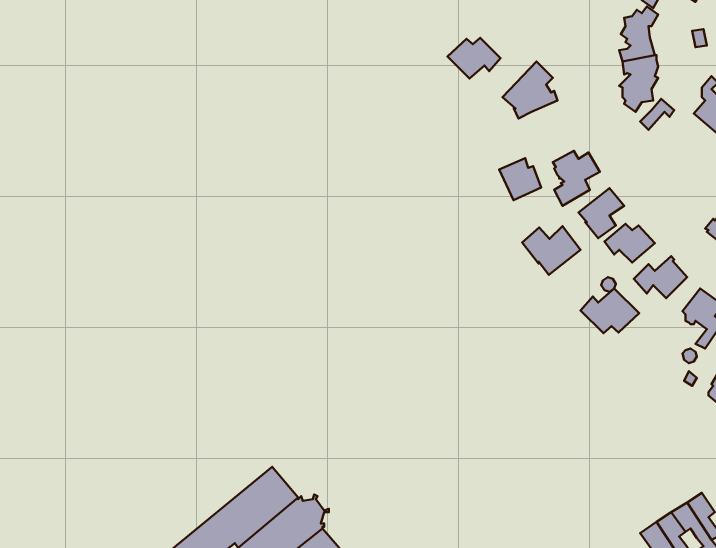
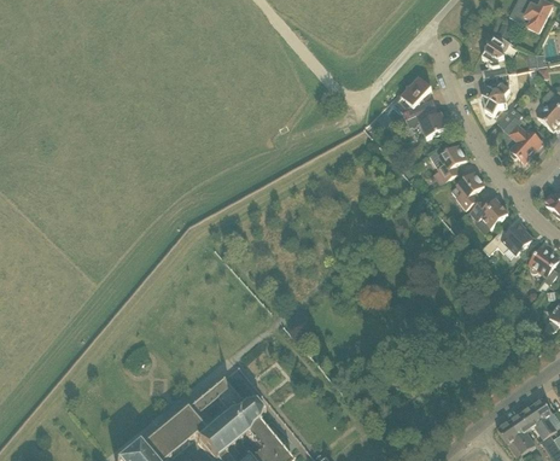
building: [448,38,501,78] -> none
building: none -> [509,124,542,162]
building: [499,158,541,200] -> [415,106,447,138]
building: [522,226,580,275] -> none
building: [580,289,639,333] -> none

